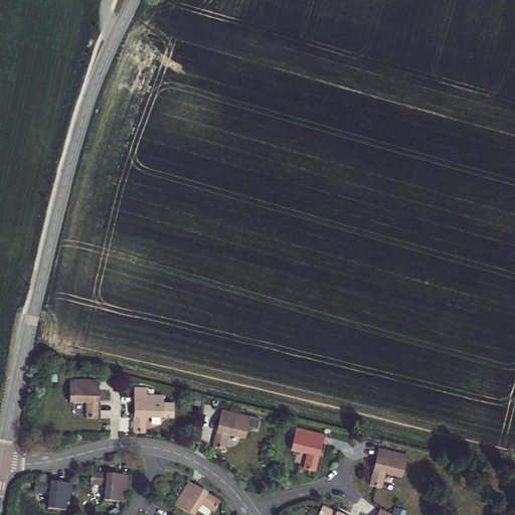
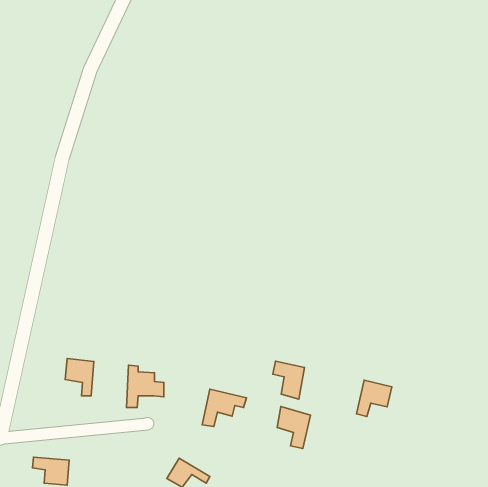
building: none -> [273,361,304,399]
building: [369,448,406,486] -> [356,380,392,417]
building: [90,472,129,499] -> none

